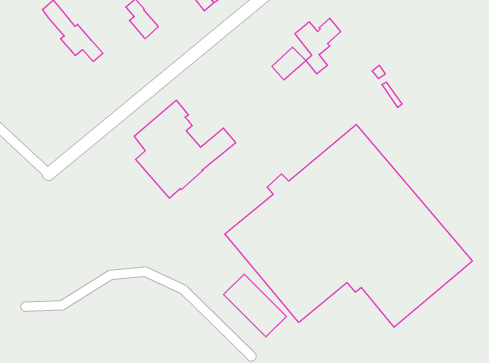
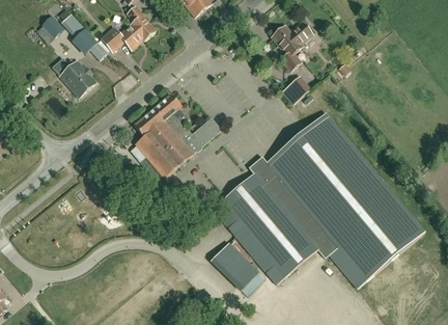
building: none -> [36,15,64,43]
building: none -> [101,25,142,52]
building: [272,47,306,80] -> [281,76,310,104]
building: none -> [52,56,95,98]

